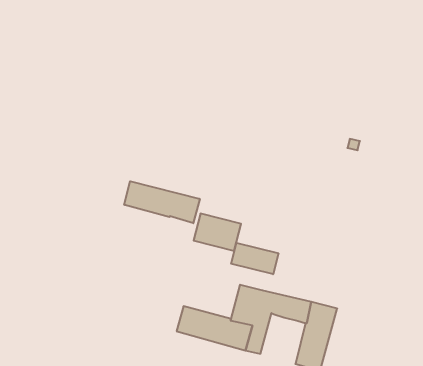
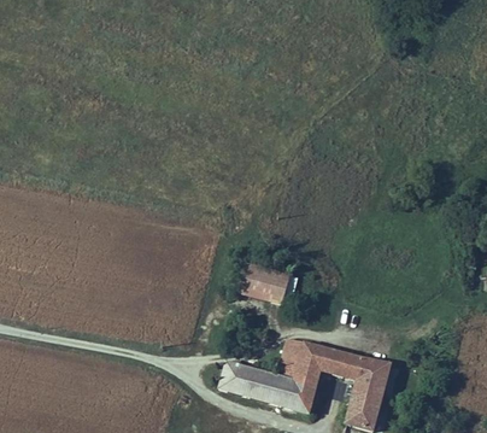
building: [124,181,200,223] -> none
building: [231,243,278,274] -> none

